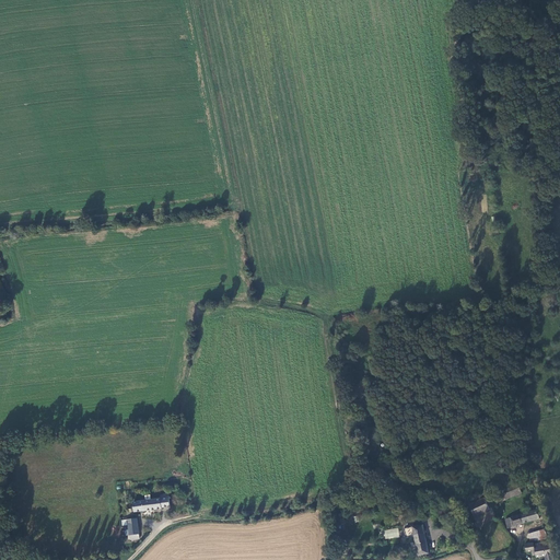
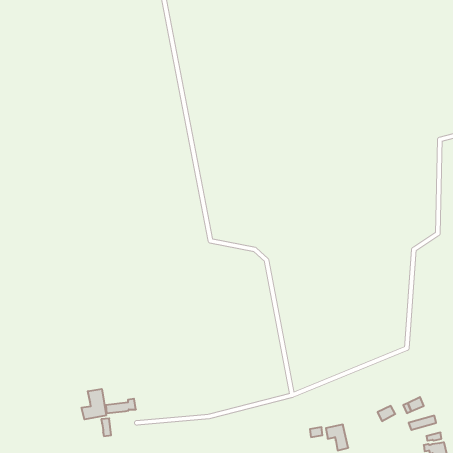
building: none -> [82,389,106,419]

